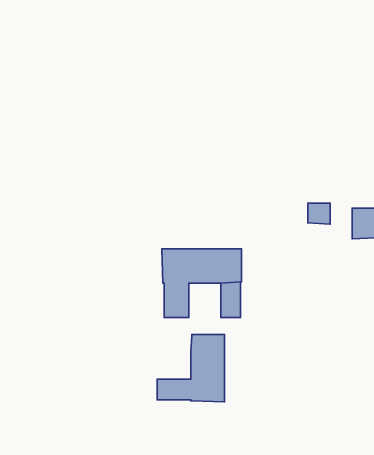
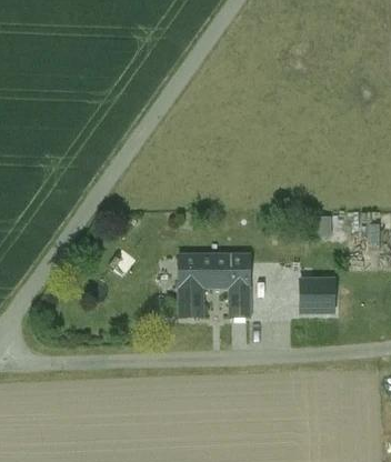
building: none -> [302,278,339,312]
building: [157,335,224,402] -> none

